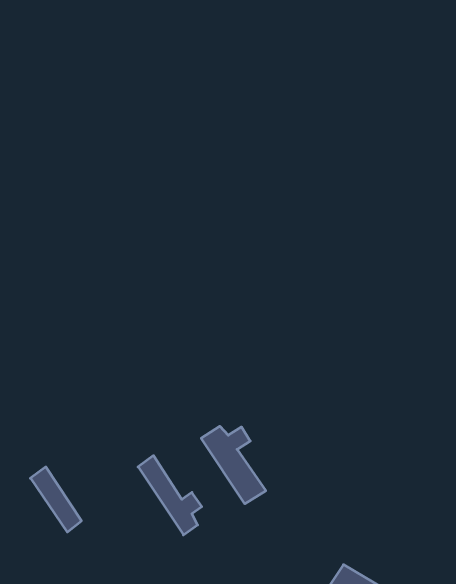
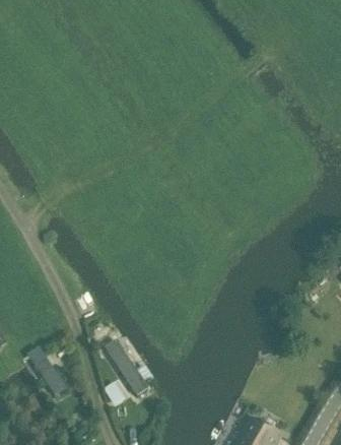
building: [201,426,266,504] -> none

